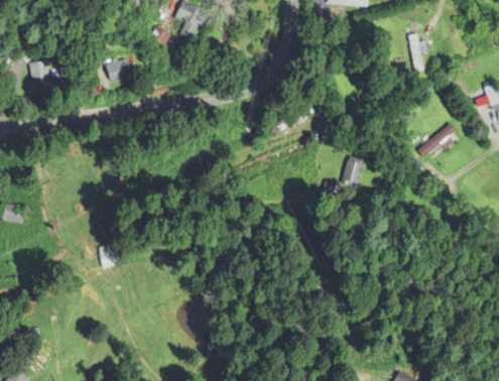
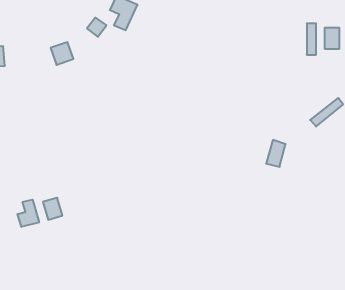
building: none -> [325,28,339,49]
building: [338,155,361,187] -> [266,140,286,167]
building: none -> [18,200,39,227]

